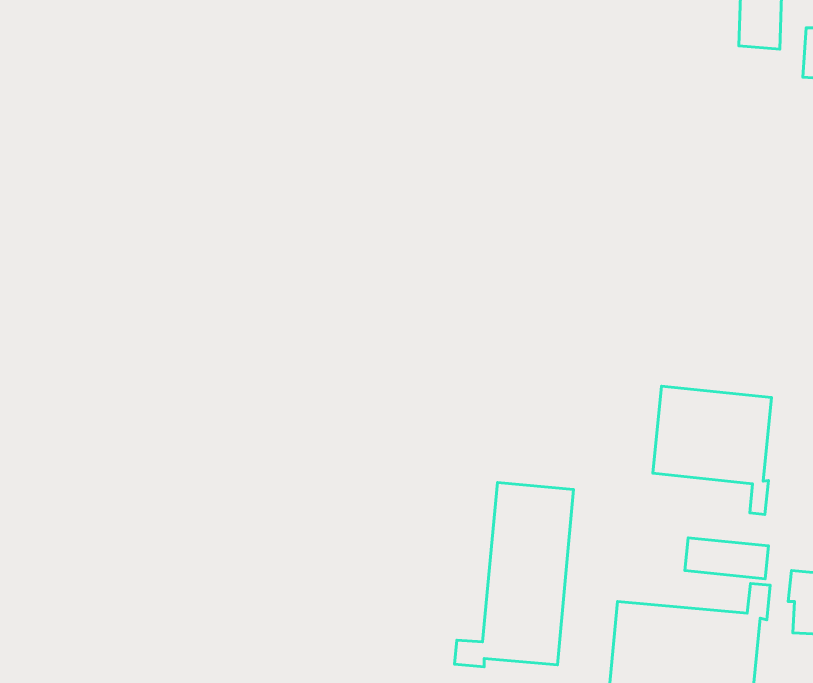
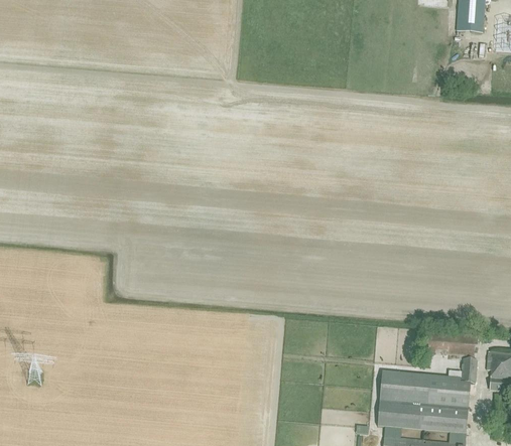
building: [653,386,771,514] -> none
building: [455,483,574,667] -> none

